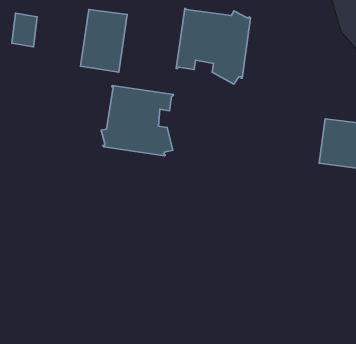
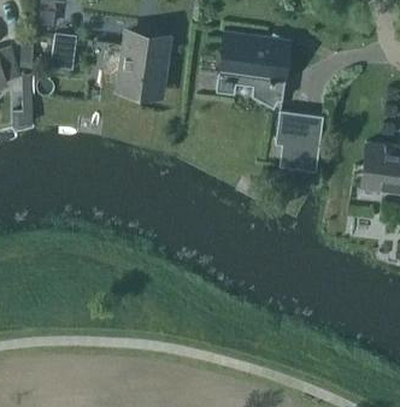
building: [101,86,173,156] -> none
building: none -> [276,113,324,171]

